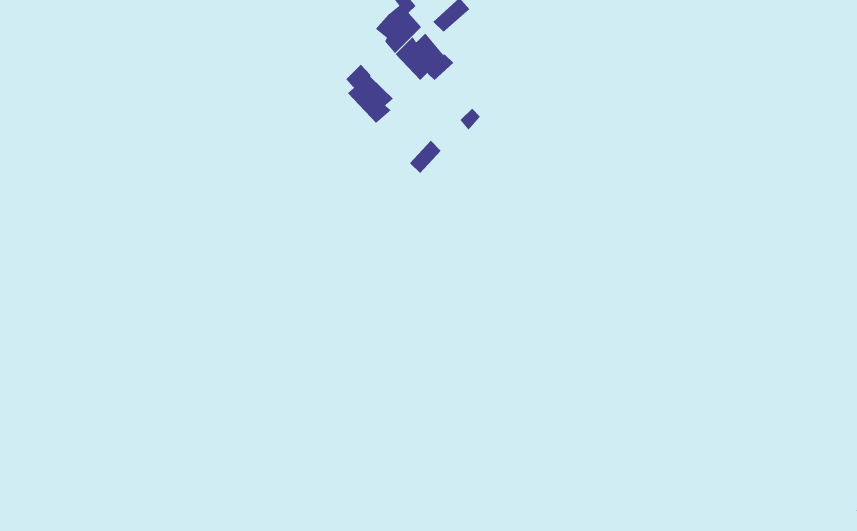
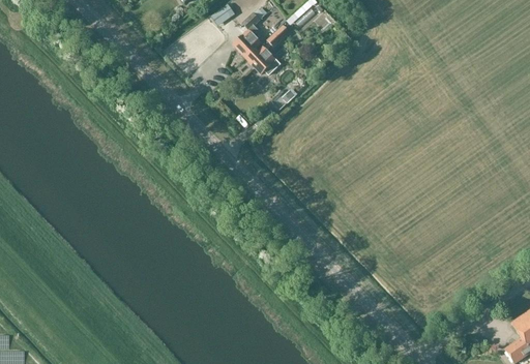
building: [346,64,394,124] -> none

